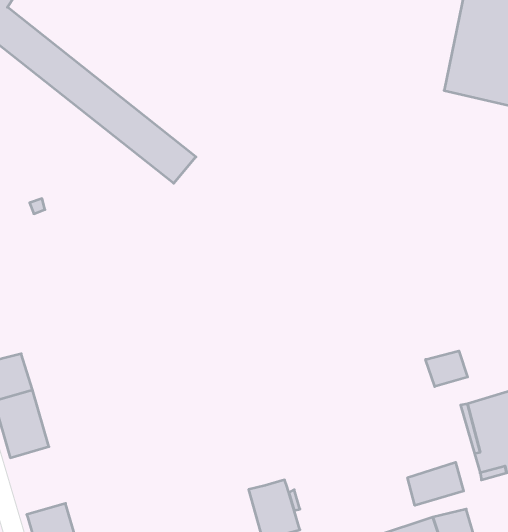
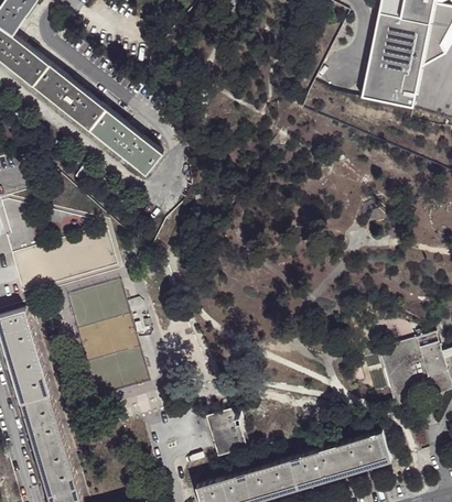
building: [426,351,468,387] -> none
building: none -> [17,384,61,438]
building: [408,462,464,505] -> none

